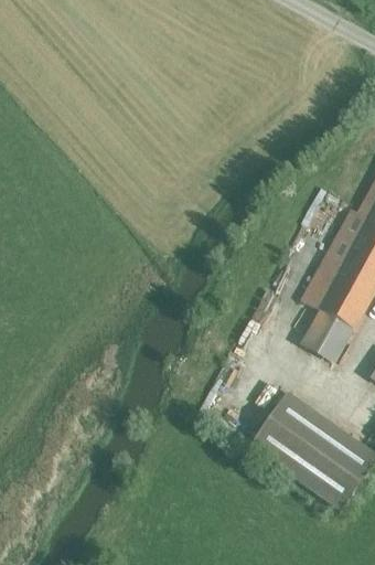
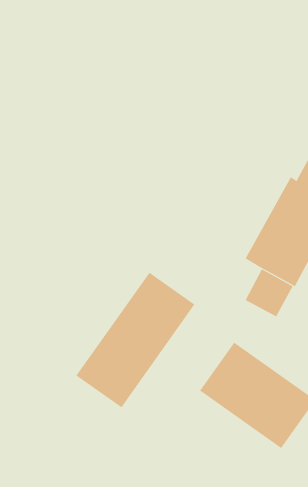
building: none -> [76,272,195,408]

